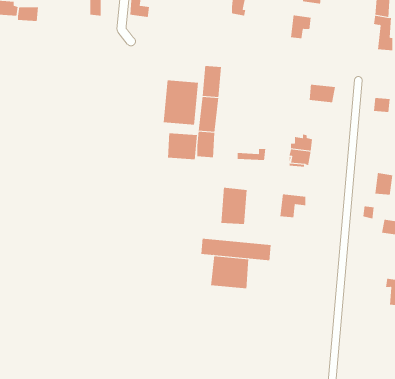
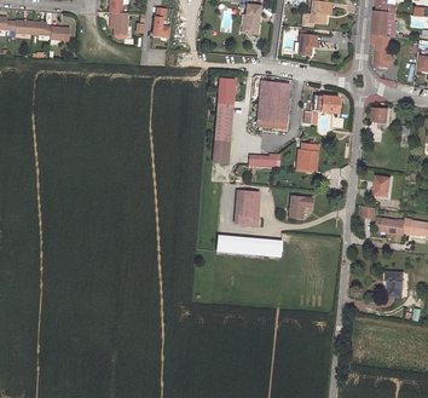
building: [163,80,199,125] -> [256,81,289,122]
building: [167,132,198,160] -> none
building: [210,255,249,289] -> none

